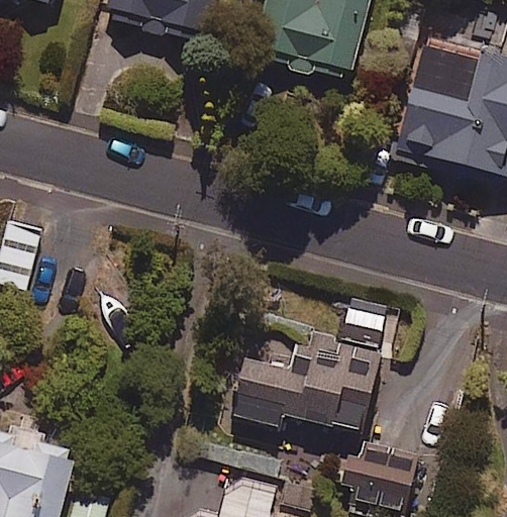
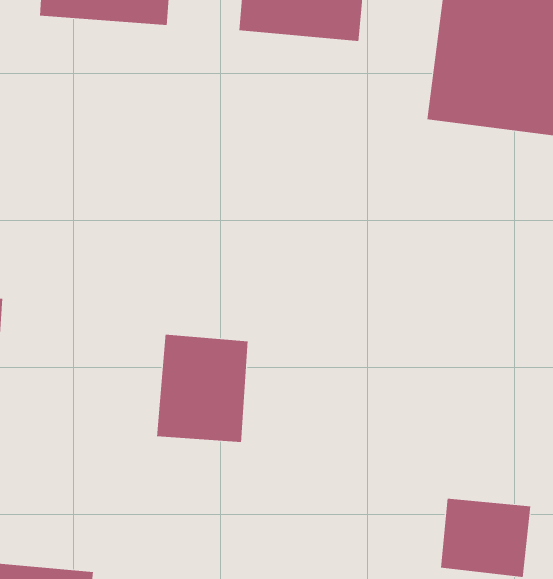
building: none -> [157,334,248,443]
building: [229,334,380,432] -> none

